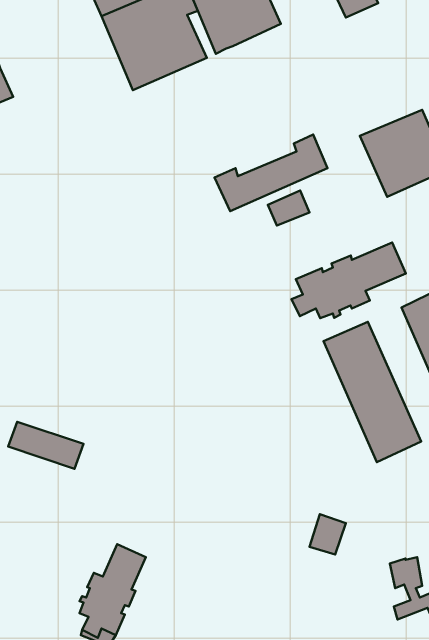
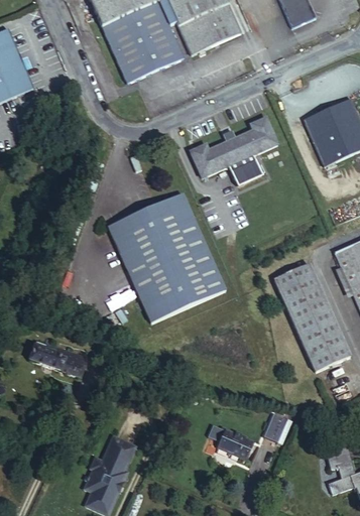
building: none -> [109,192,226,322]
building: [292,242,406,318] -> none
building: none -> [217,429,254,459]

